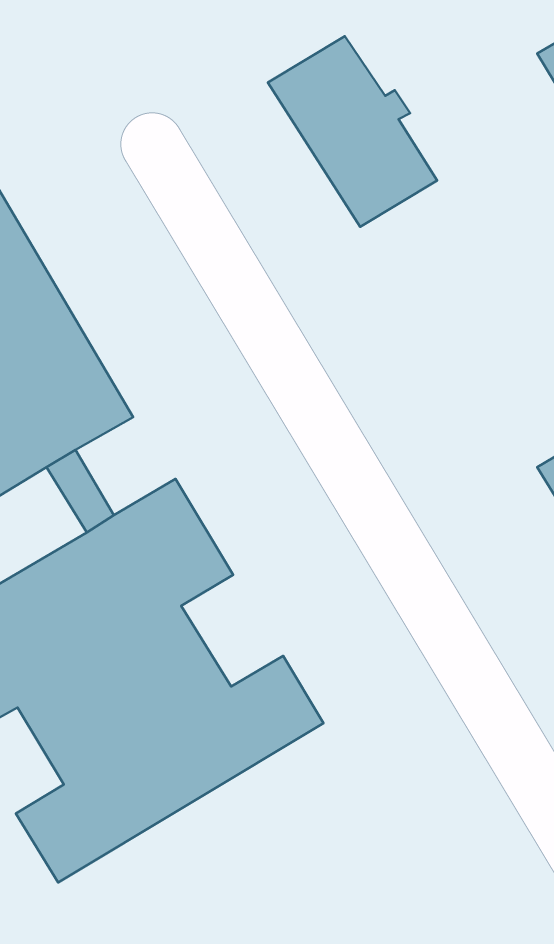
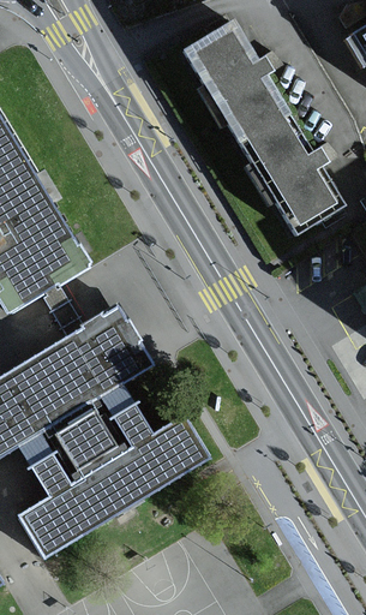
building: none -> [239,114,342,235]

